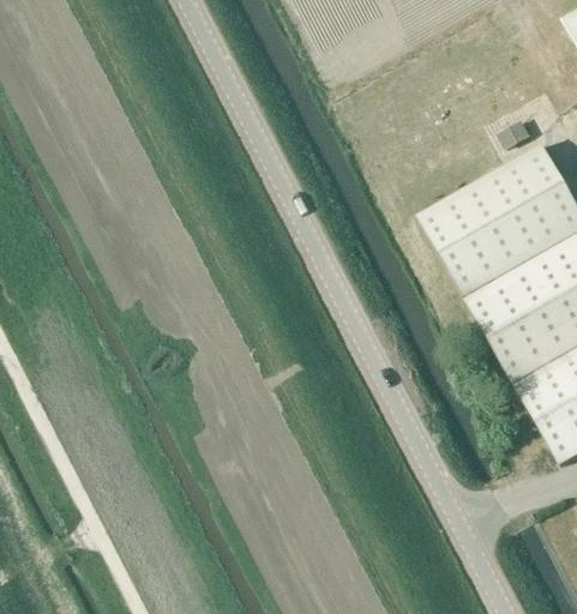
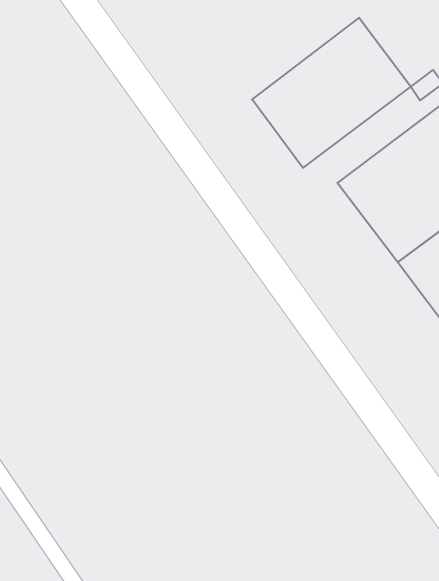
building: none -> [252,18,411,168]

